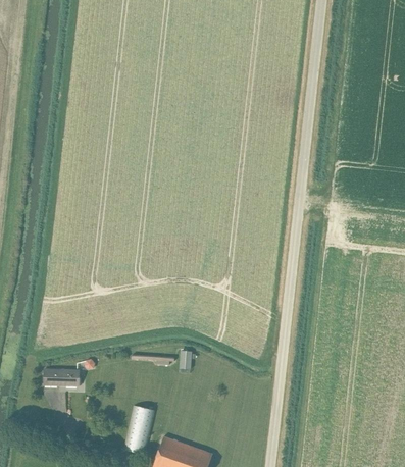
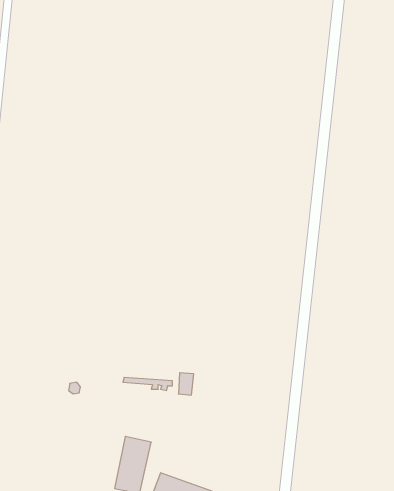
building: [43,368,80,386] -> none

